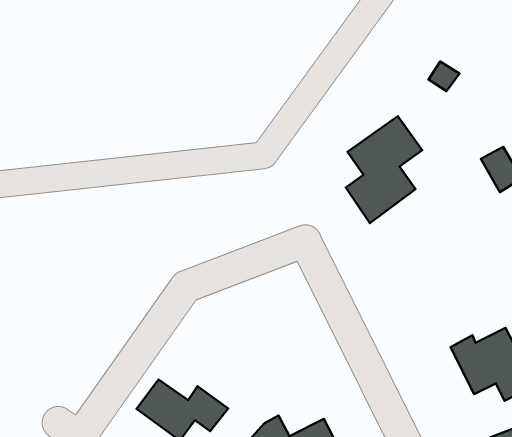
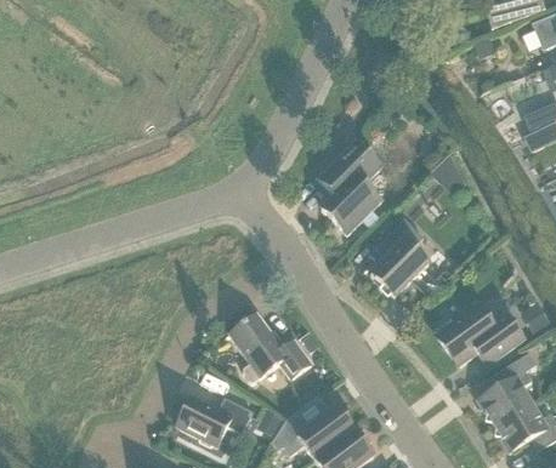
building: none -> [370,216,429,295]
building: none -> [221,312,312,381]

